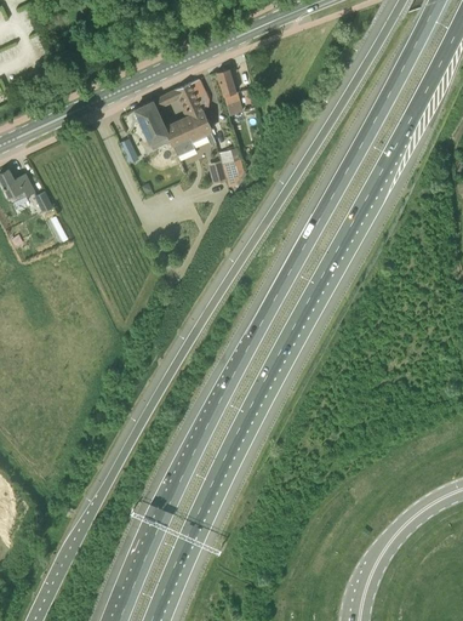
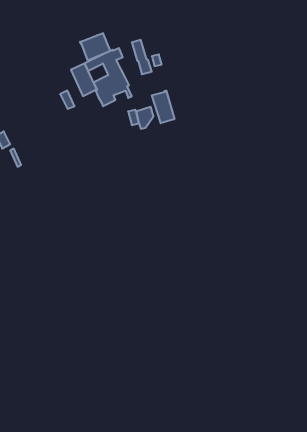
building: none -> [80,33,110,60]
building: none -> [152,91,174,123]

